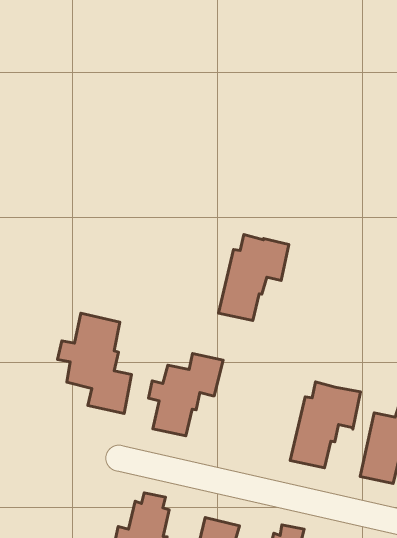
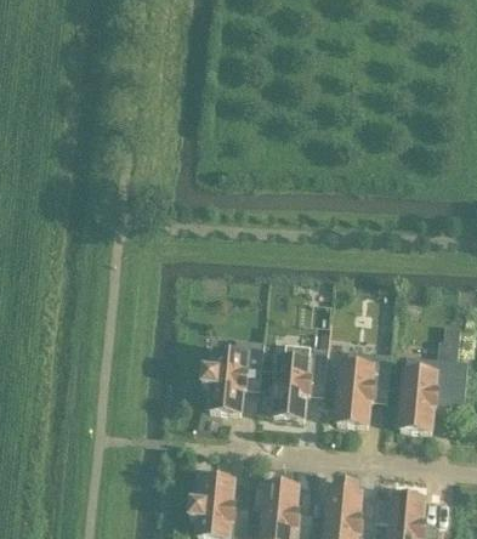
building: [218,235,289,320] -> [272,345,326,420]
building: [57,313,132,414] -> none

